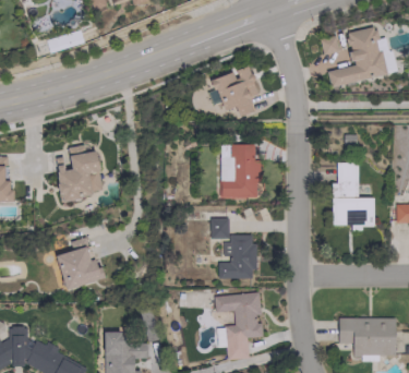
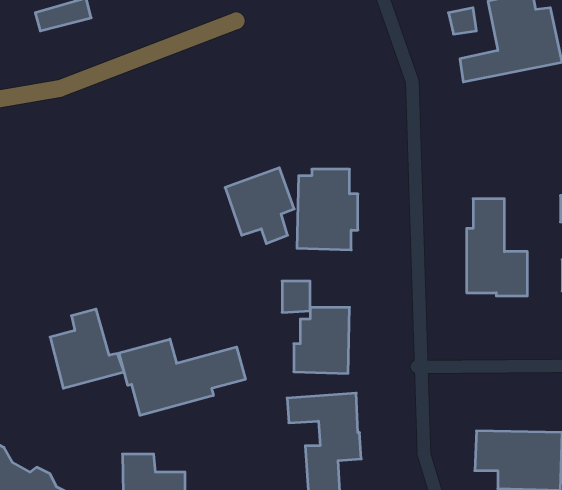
building: [213,67,258,117] -> [225,168,294,244]
building: [56,145,100,201] -> none
building: none -> [119,339,245,415]

